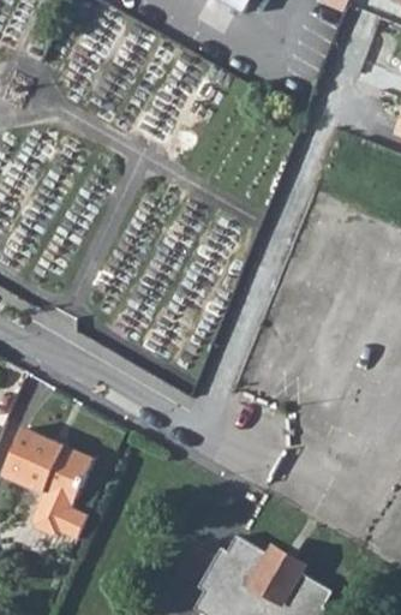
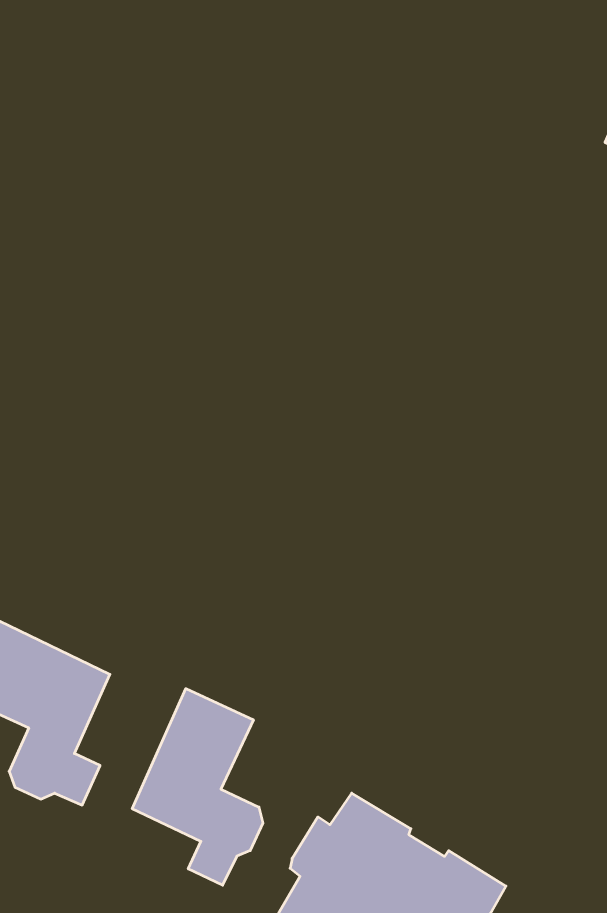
building: none -> [132,689,263,885]

